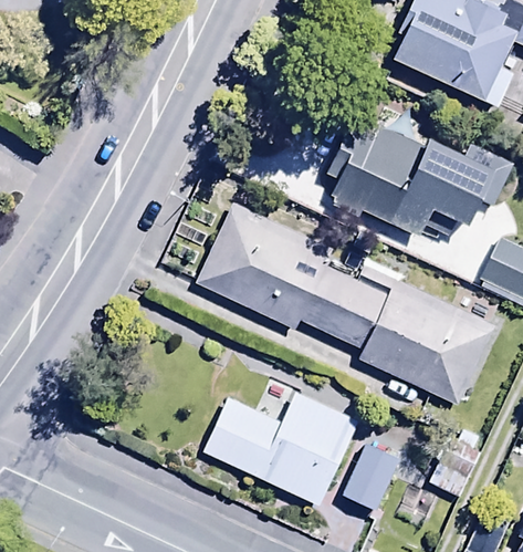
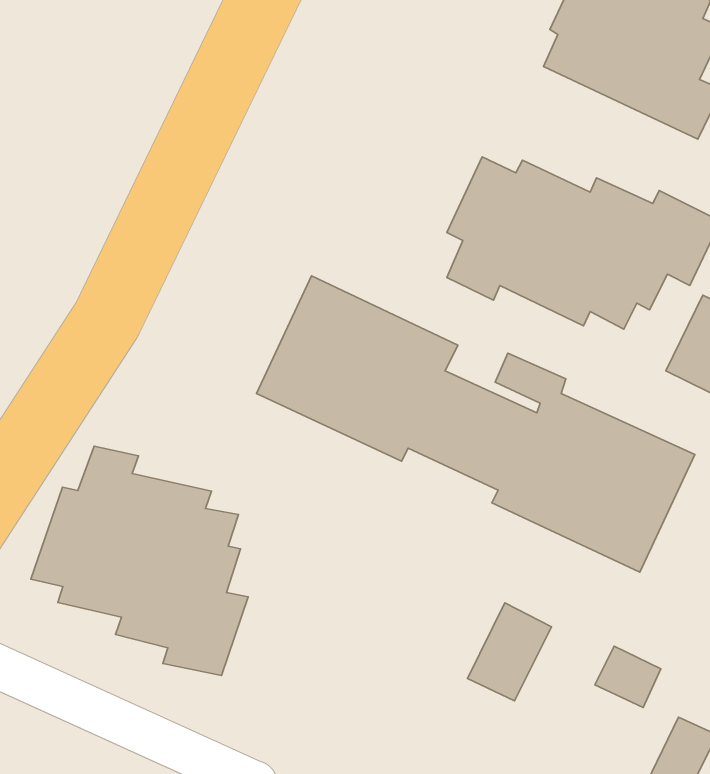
building: none -> [31,446,248,676]
building: [206,374,364,490] -> none

